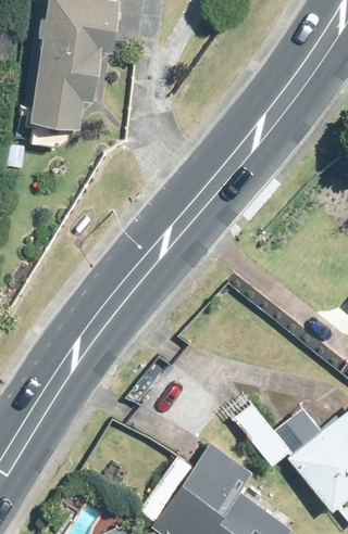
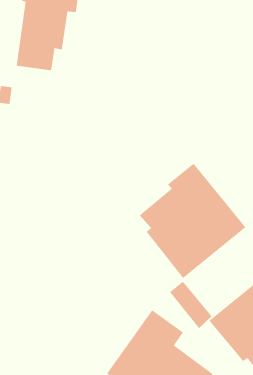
building: none -> [139,163,246,279]

